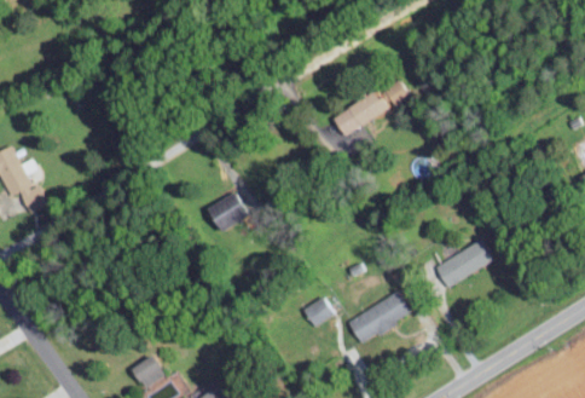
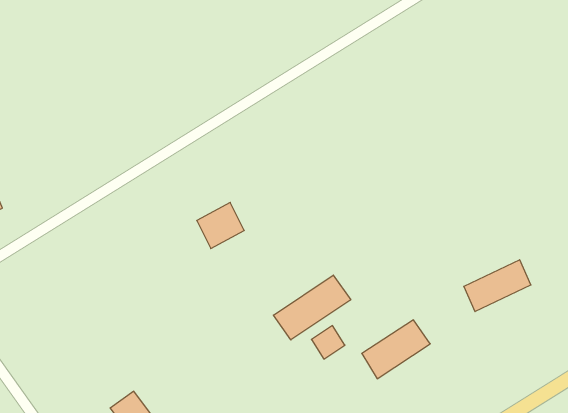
building: [332,76,409,137] -> none
building: none -> [273,275,351,340]

